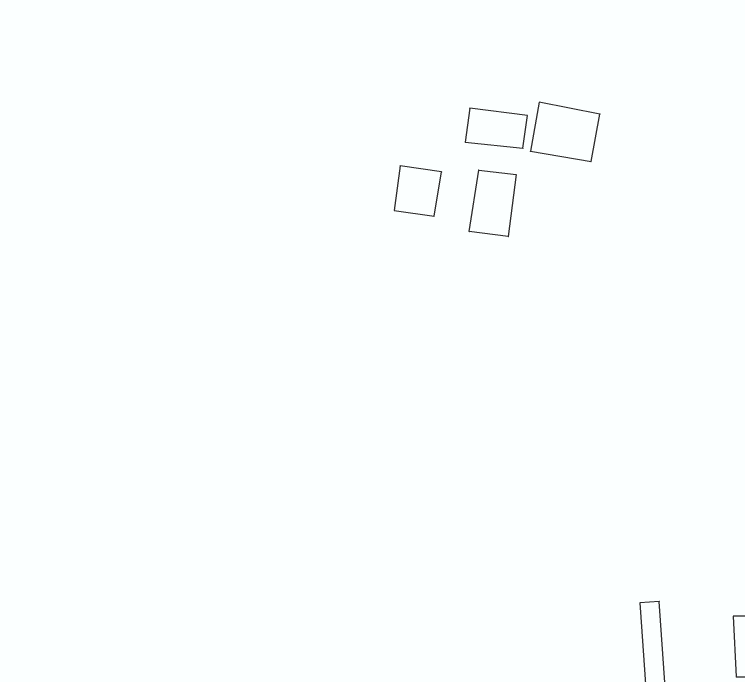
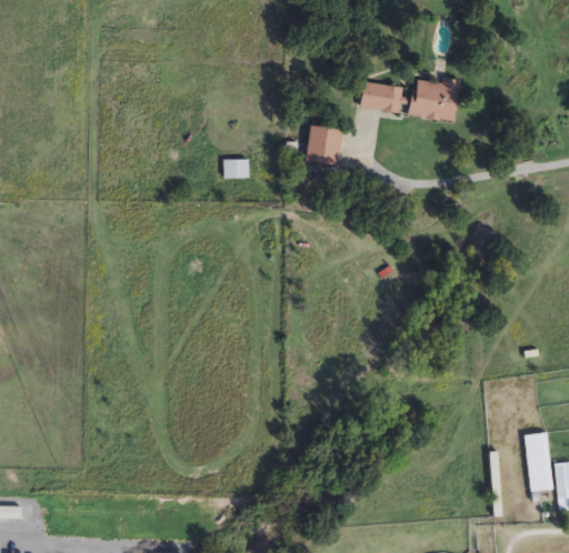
building: [469,170,516,237] -> none
building: none -> [224,160,251,179]
building: none -> [526,433,553,492]

